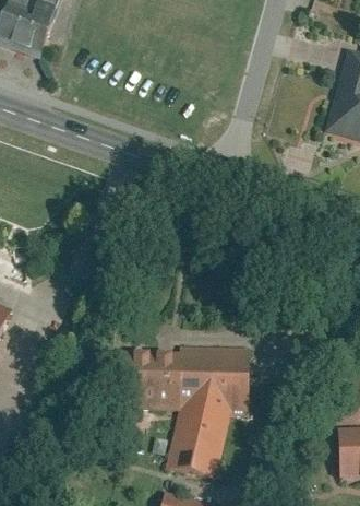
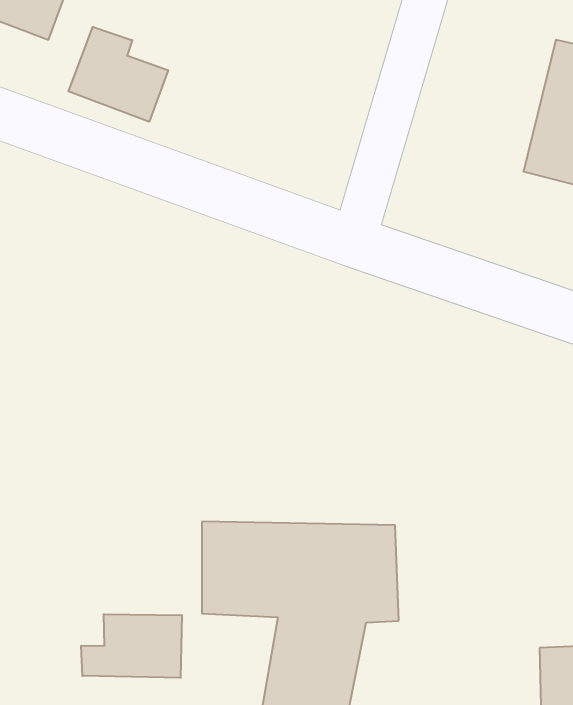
building: none -> [68,27,168,122]
building: none -> [81,614,182,678]

